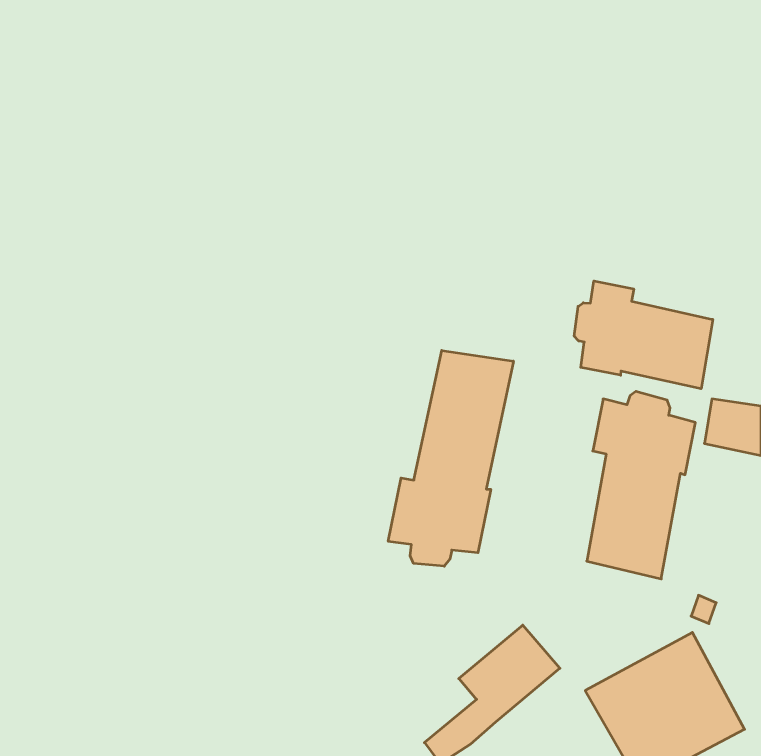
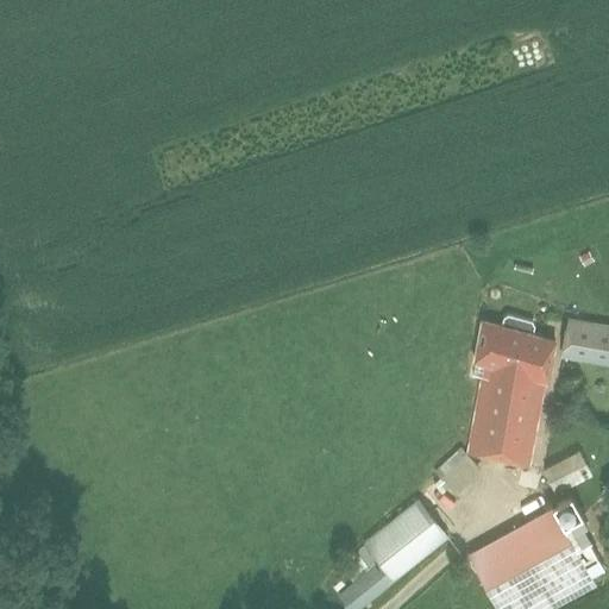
building: [574,281,713,389] -> none
building: [388,350,513,566] -> none

